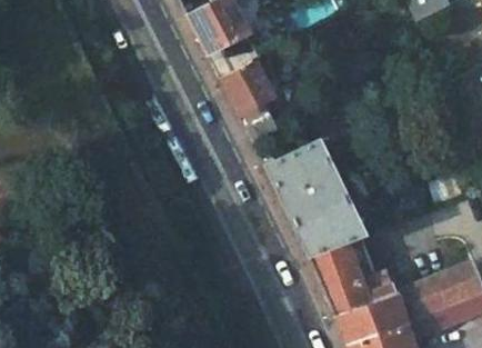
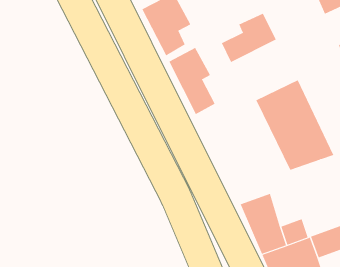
building: none -> [221,13,276,63]
building: [269,141,365,253] -> [256,79,334,171]

